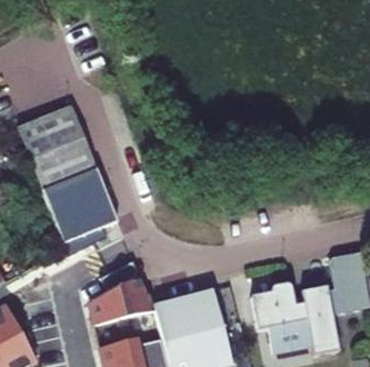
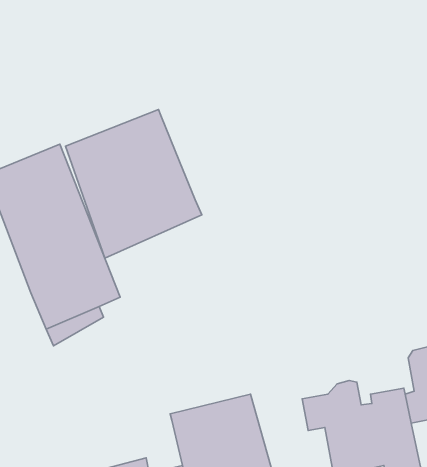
building: none -> [65,109,202,258]
building: [90,257,156,324] -> none

